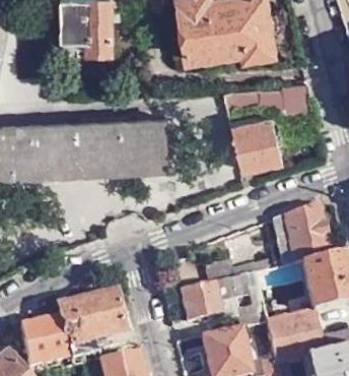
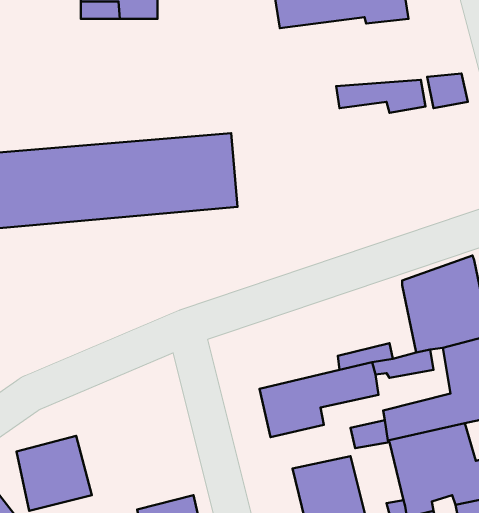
building: [236,115,285,167] -> none
building: [59,292,125,357] -> none

